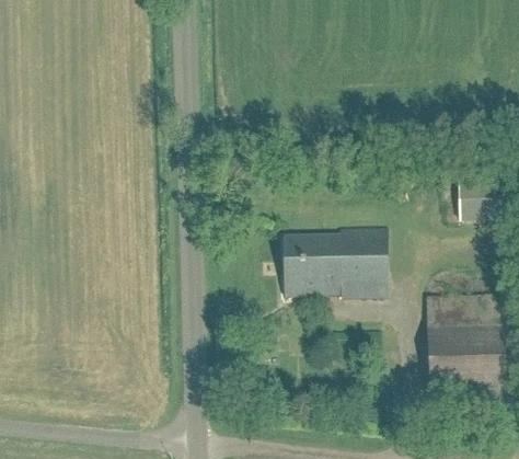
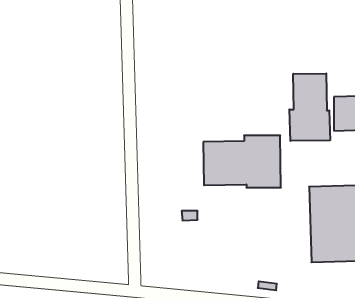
building: none -> [289,73,330,141]

